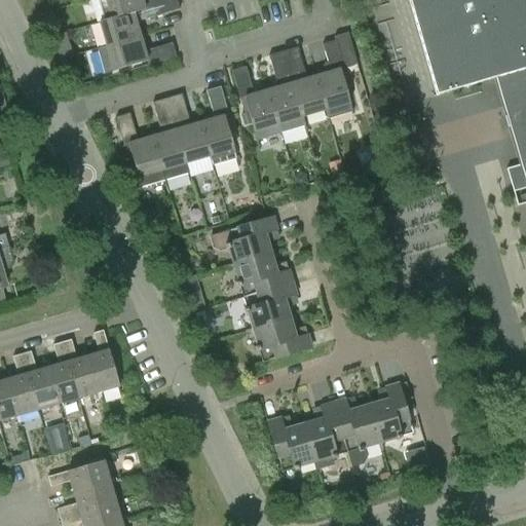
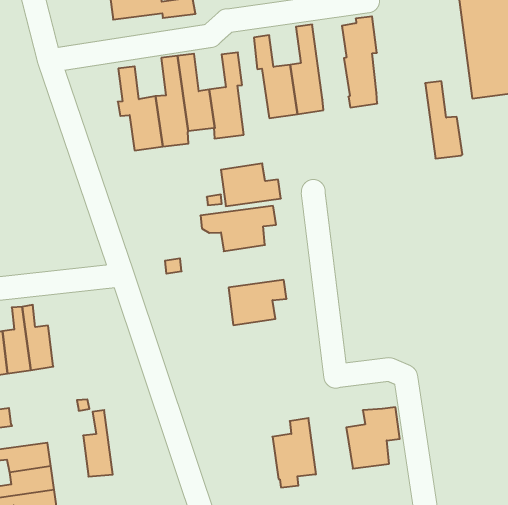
building: [285,45,328,115] -> [425,81,462,158]
building: [236,253,294,296] -> [221,163,281,206]
building: [255,317,313,361] -> none
building: [89,329,121,390] -> [83,410,113,477]
building: [335,398,381,466] -> none
building: [269,416,316,469] -> none

